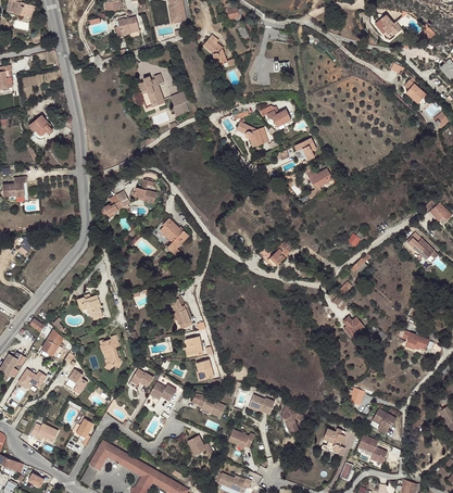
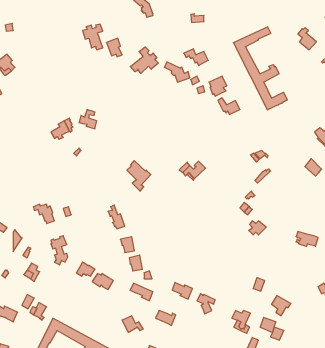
building: none -> [233,27,287,110]
building: none -> [130,47,158,73]
building: [159,218,188,256] -> [127,161,151,191]

